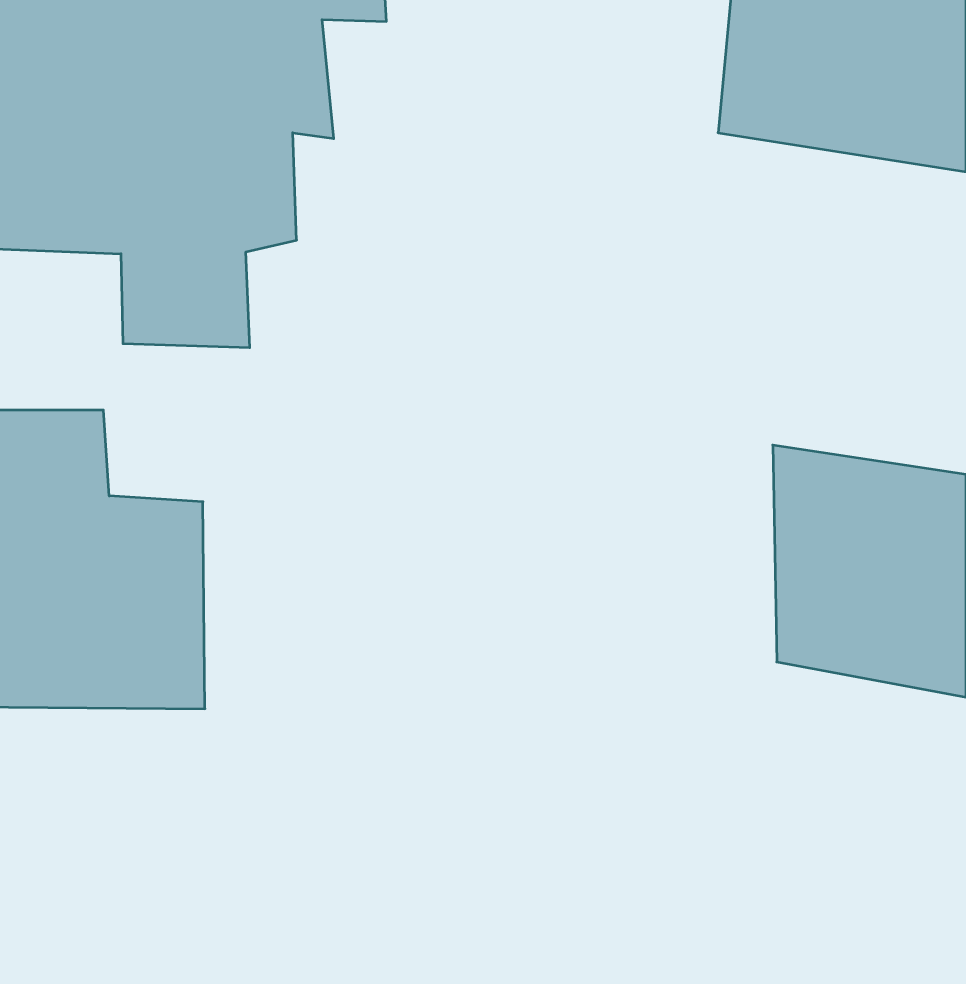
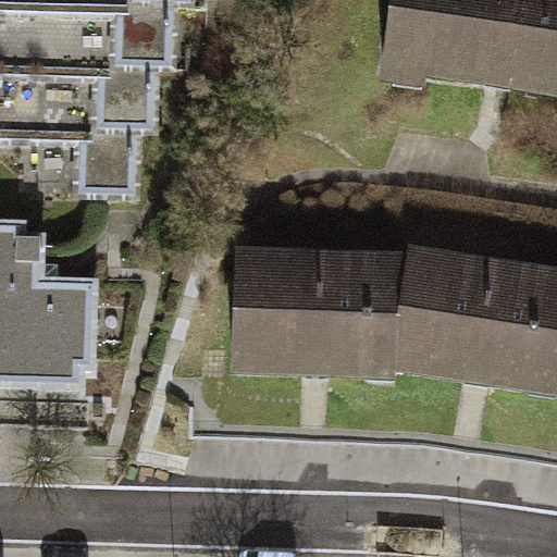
building: none -> [259,248,431,377]

